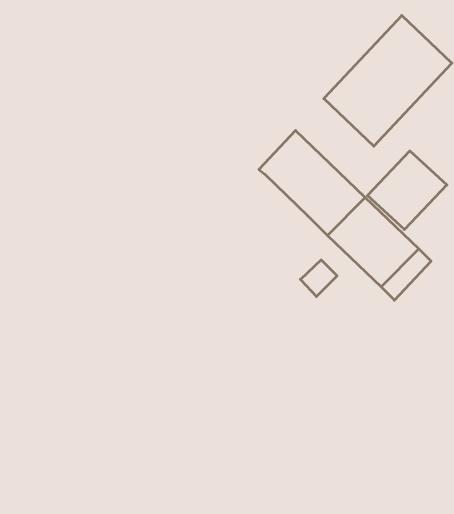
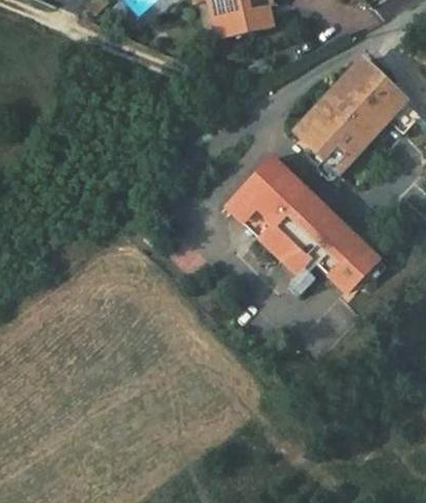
building: [367,151,447,230] -> none
building: none -> [230,193,282,246]

